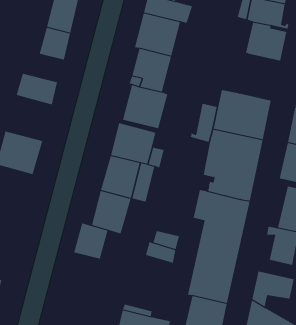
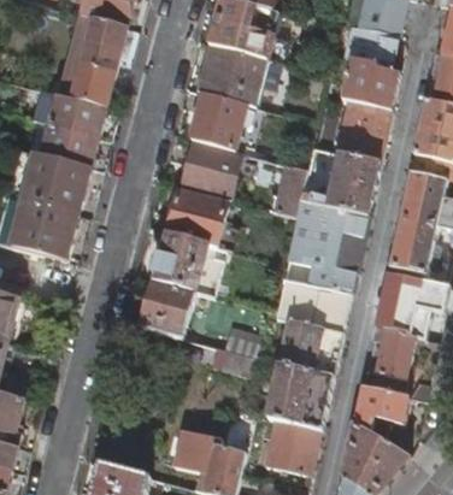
building: none -> [51,93,106,135]
building: none -> [336,98,390,159]
building: none -> [28,151,90,212]
building: [73,223,108,259] -> none

